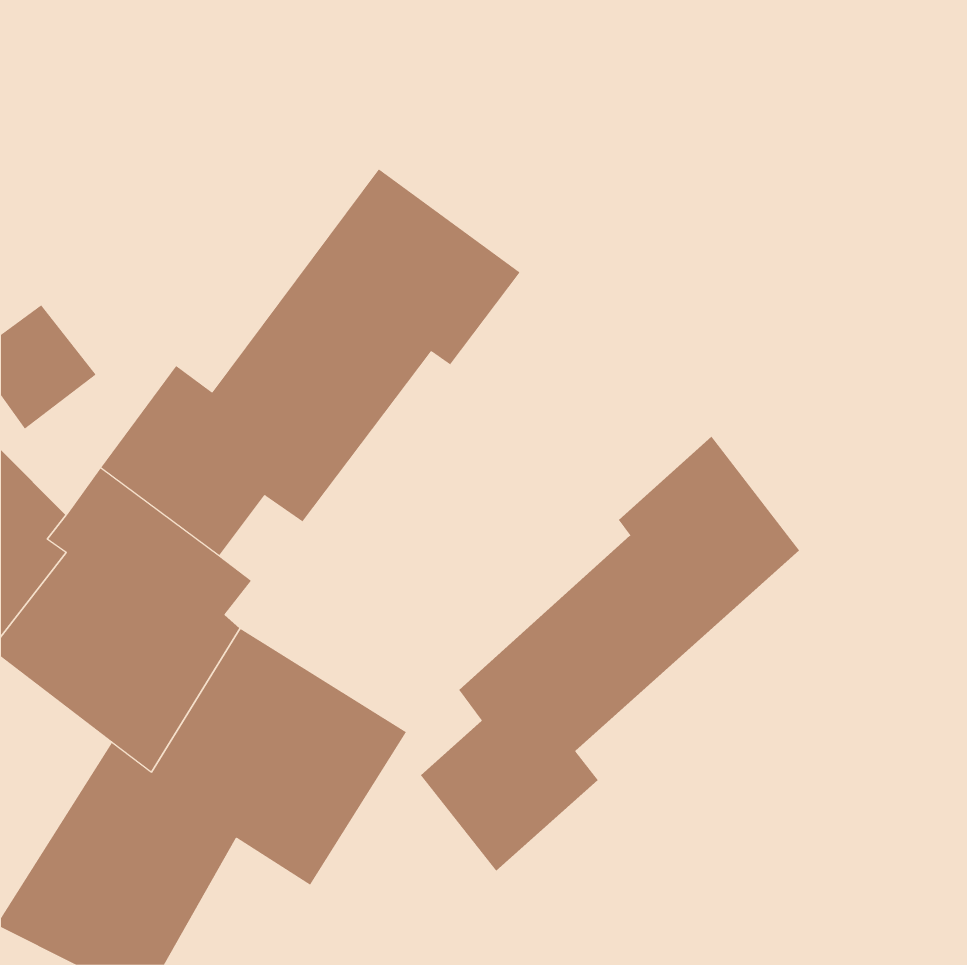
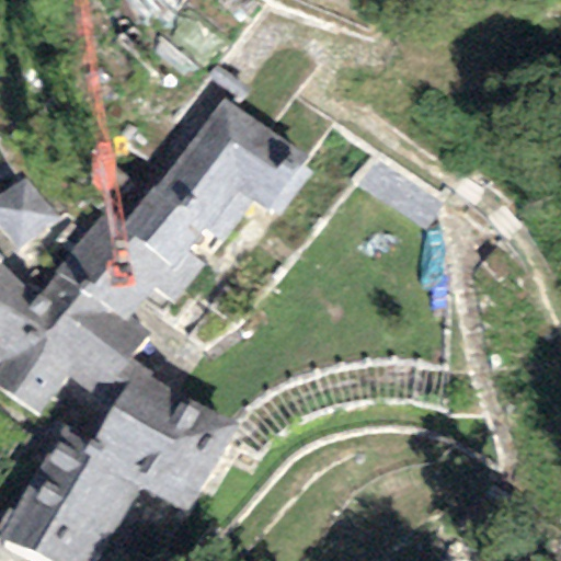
building: [420,436,800,871] -> none

